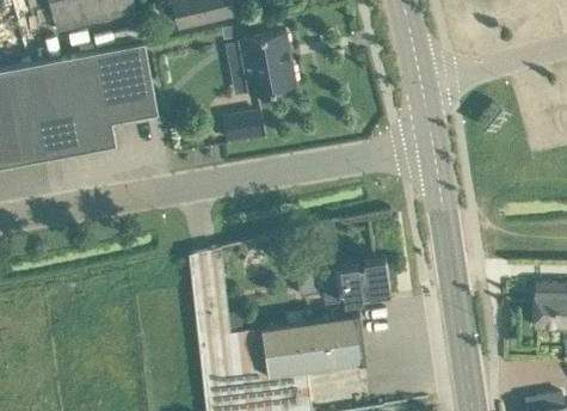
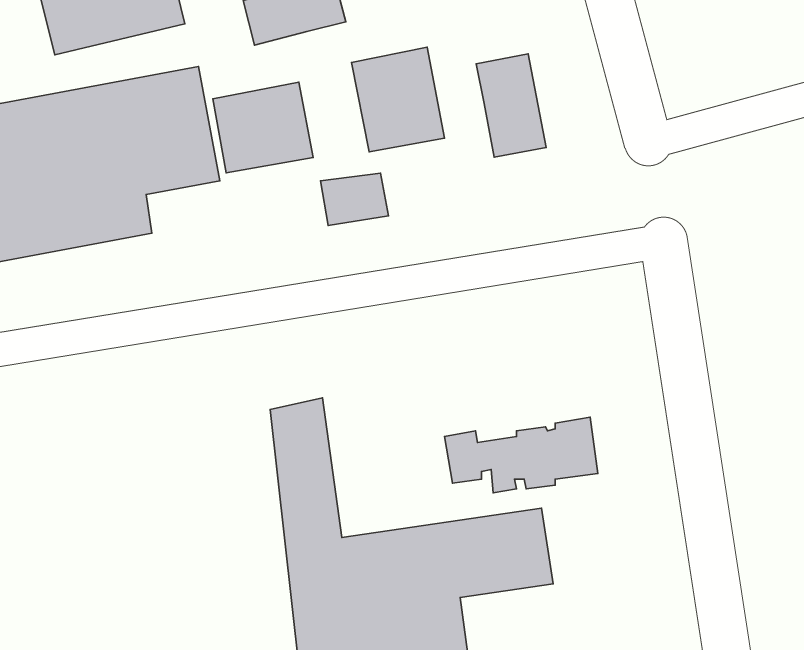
building: none -> [476,54,546,157]
building: none -> [213,82,313,173]

